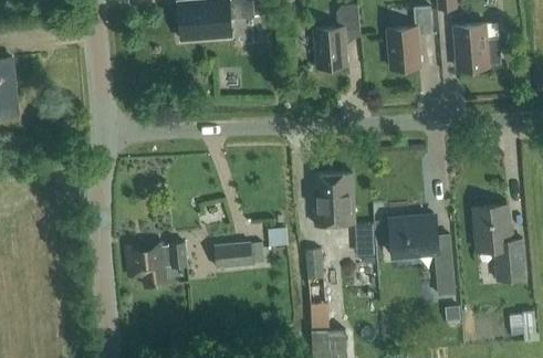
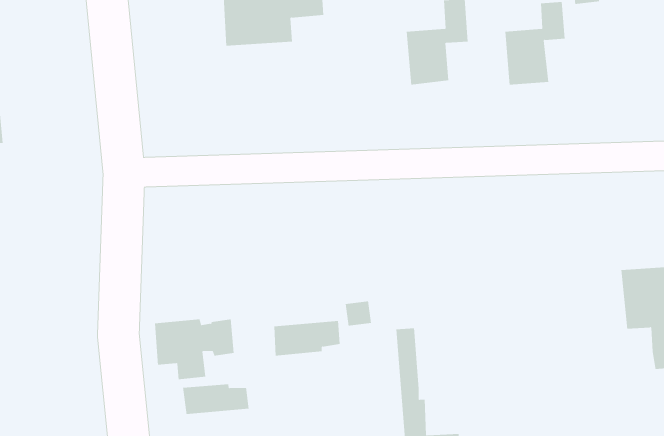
building: [453,24,499,71] -> none
building: [313,173,376,252] -> none
building: [387,218,455,295] -> none
building: none -> [183,383,249,415]

